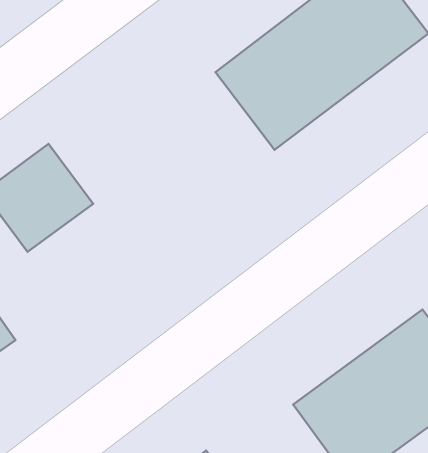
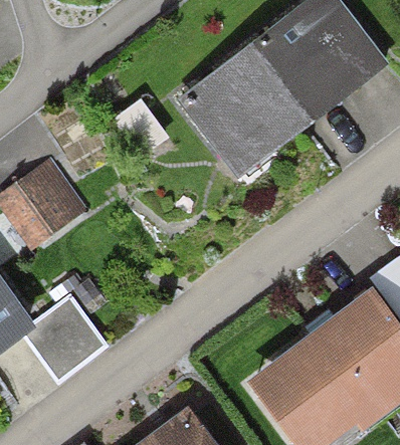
building: none -> [23,297,108,381]

